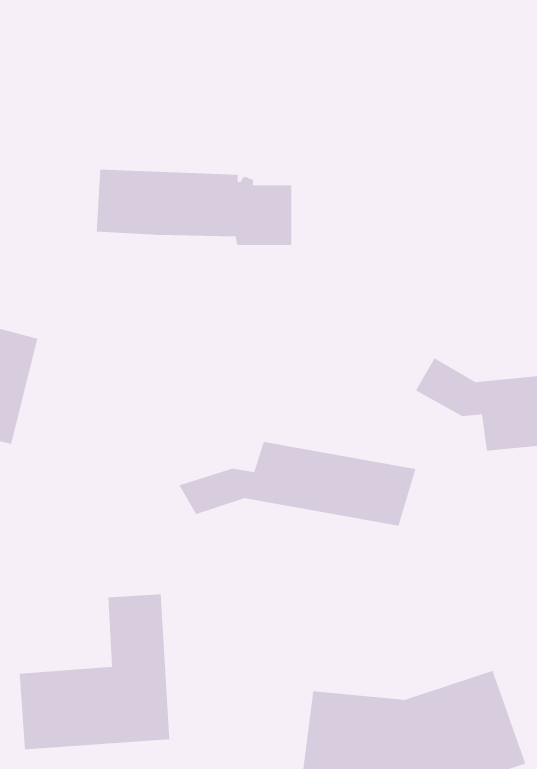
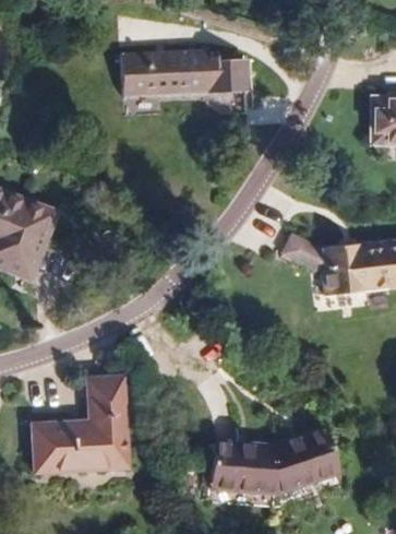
building: [96,169,292,246] -> [119,50,242,98]
building: [179,441,416,526] -> none

